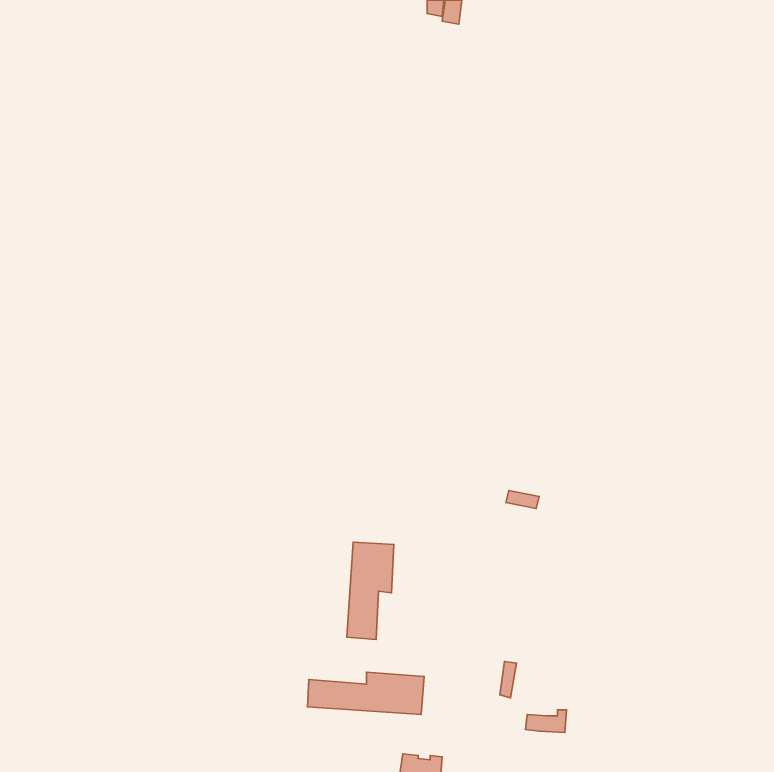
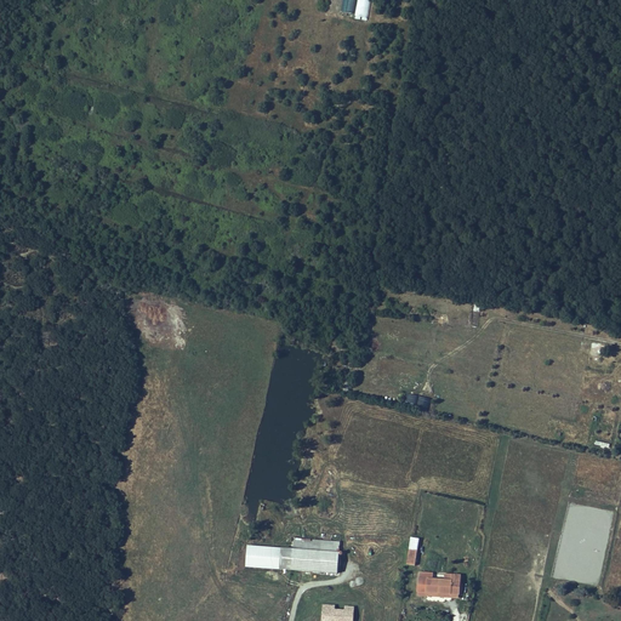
building: [347,542,394,640] -> none

